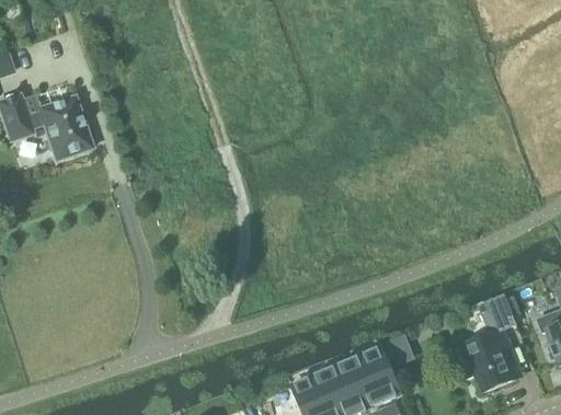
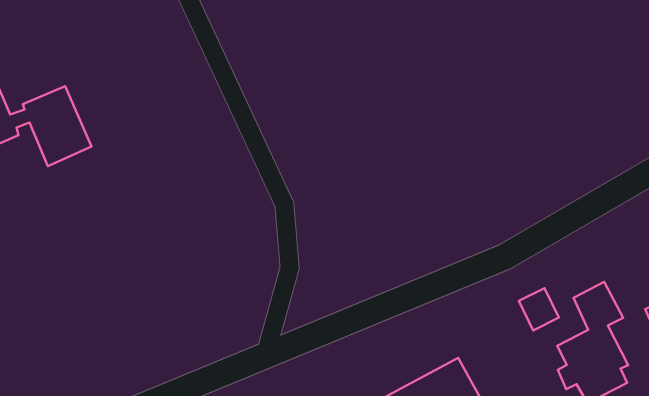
building: [382,332,414,366] -> [519,288,559,330]

